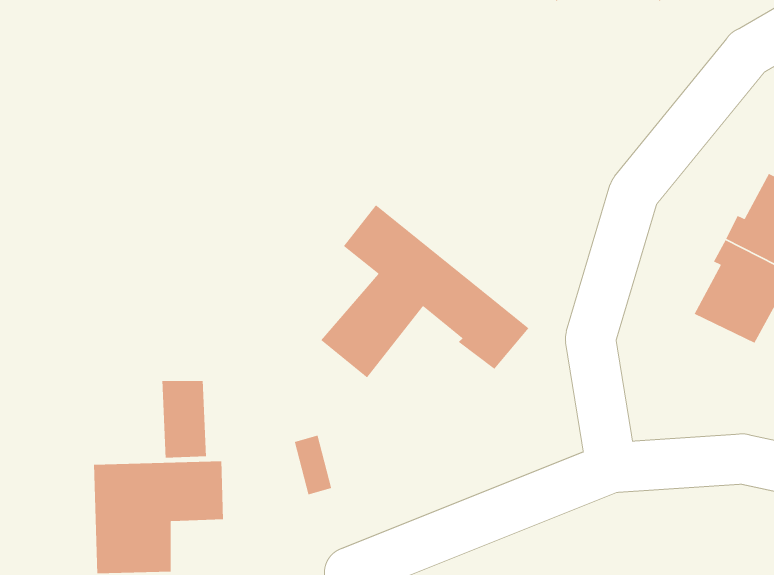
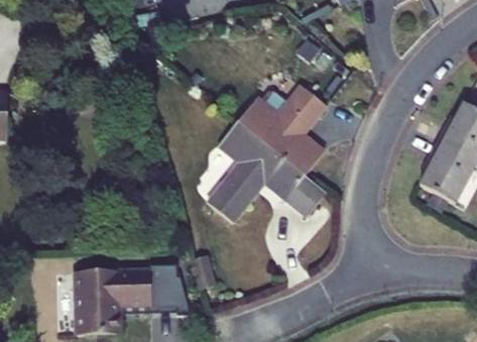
building: none -> [237,85,326,175]
building: [161,380,207,459] -> [158,259,185,305]

